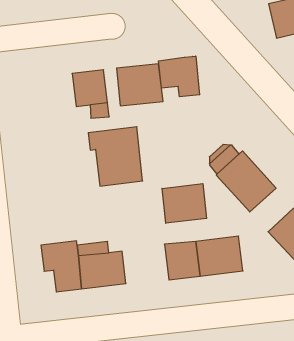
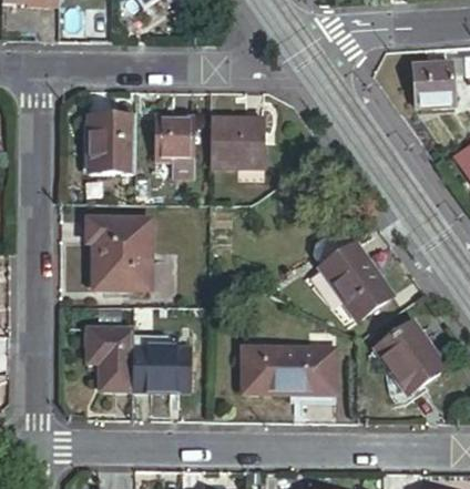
building: [159,56,200,97] -> none
building: none -> [89,118,135,173]
building: [88,127,143,186] -> [89,220,151,288]
building: [162,184,207,223] -> none

